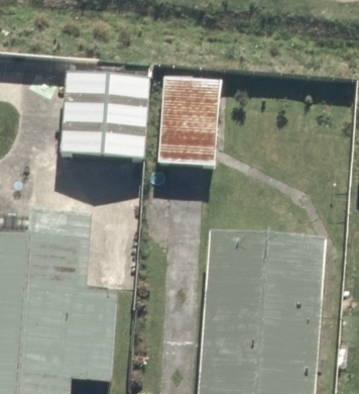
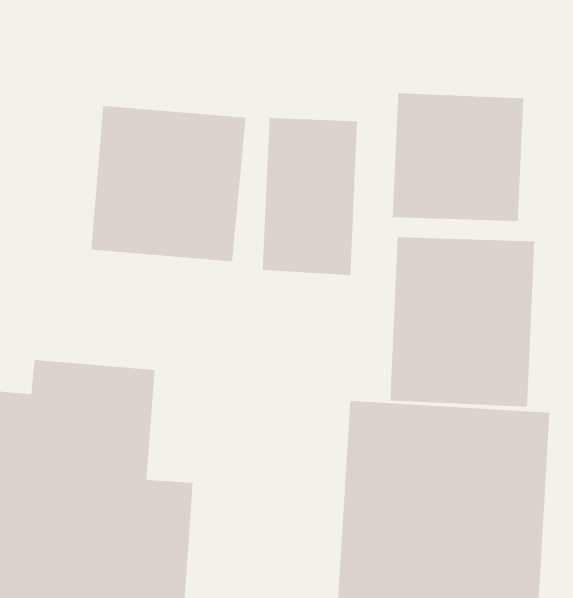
building: none -> [392,92,524,222]
building: none -> [390,237,535,407]

